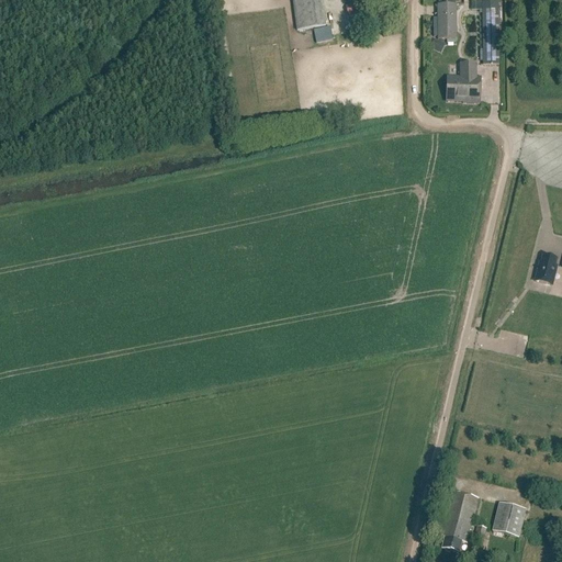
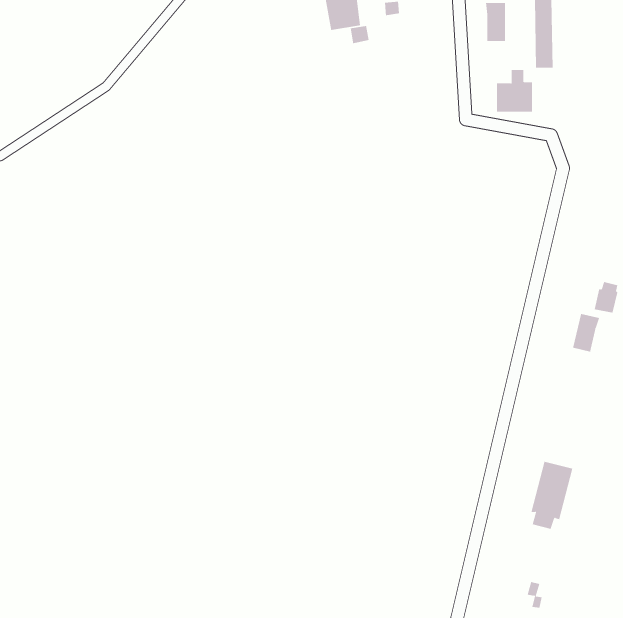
building: none -> [573,313,600,352]
building: [440,488,479,550] -> [530,461,573,529]
building: [491,501,524,533] -> none

